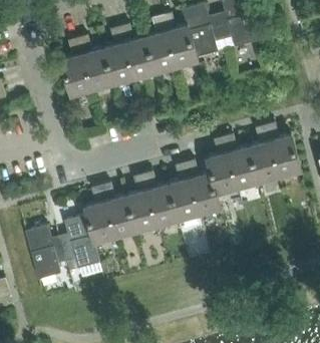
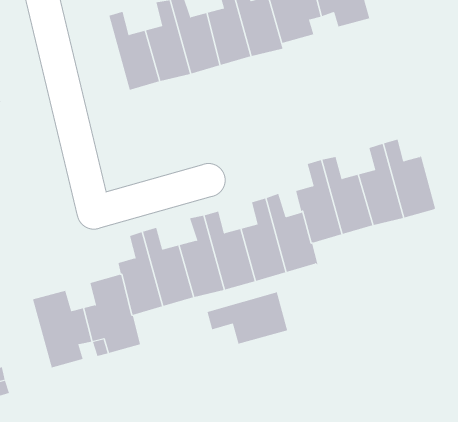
building: [59,40,91,97] -> none
building: none -> [207,292,288,345]

